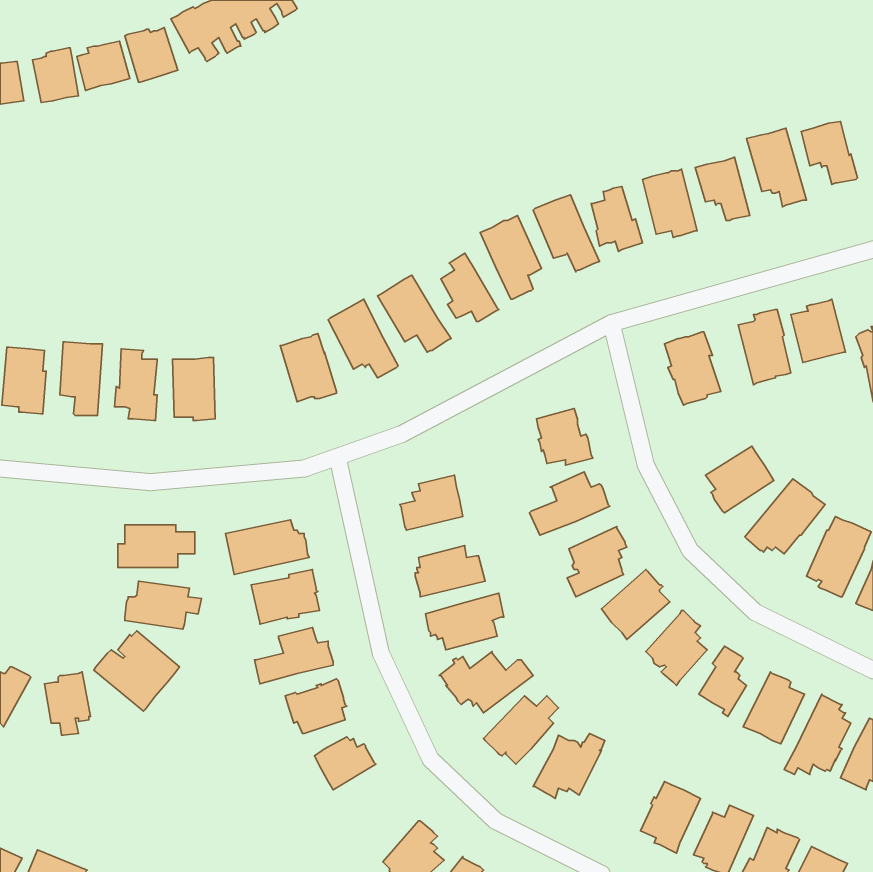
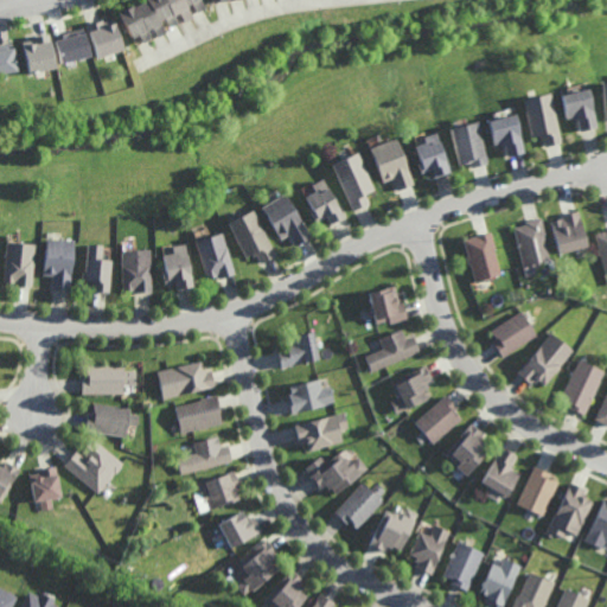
building: none -> [161,244,193,292]
building: none -> [411,526,452,576]
building: none -> [236,539,277,595]

